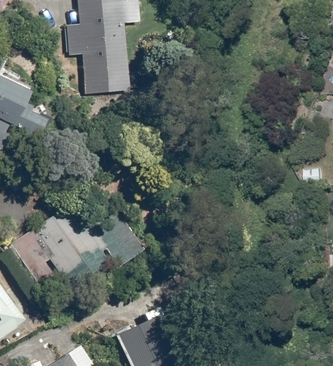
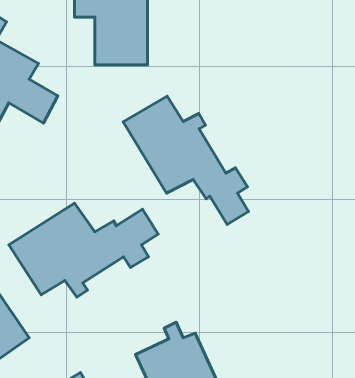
building: none -> [123,96,248,225]

